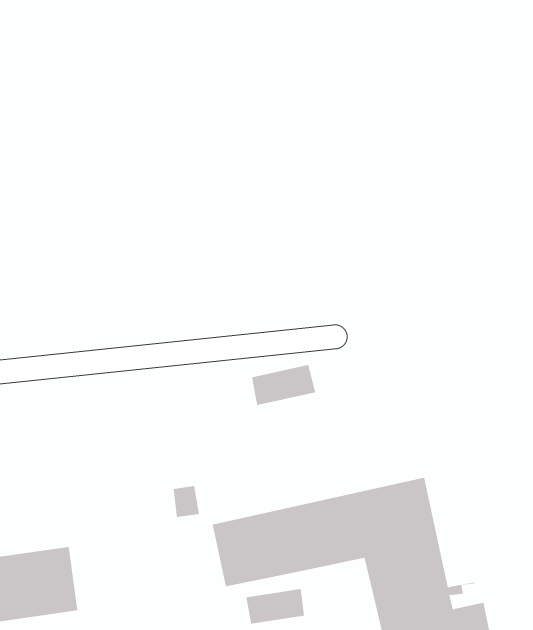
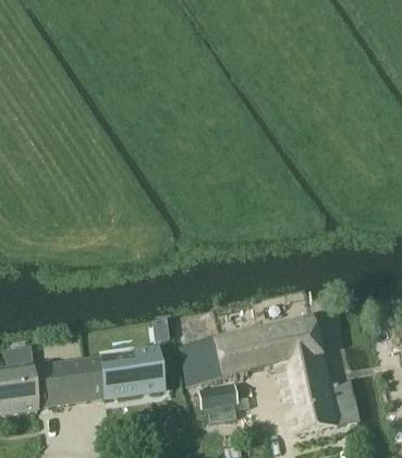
building: [251,364,316,406] -> none
building: none -> [86,347,163,398]

